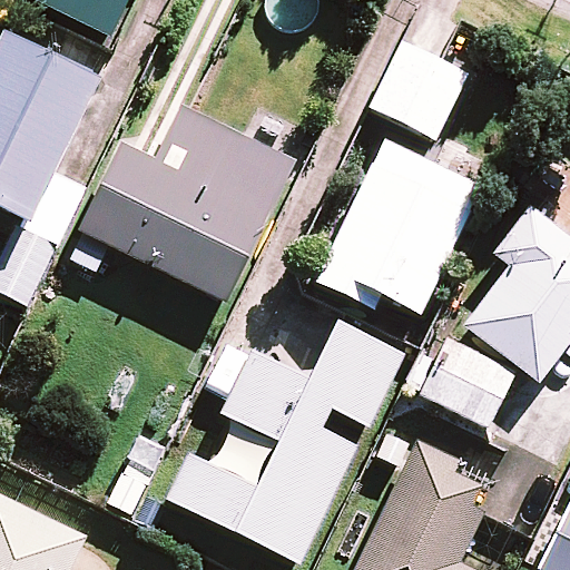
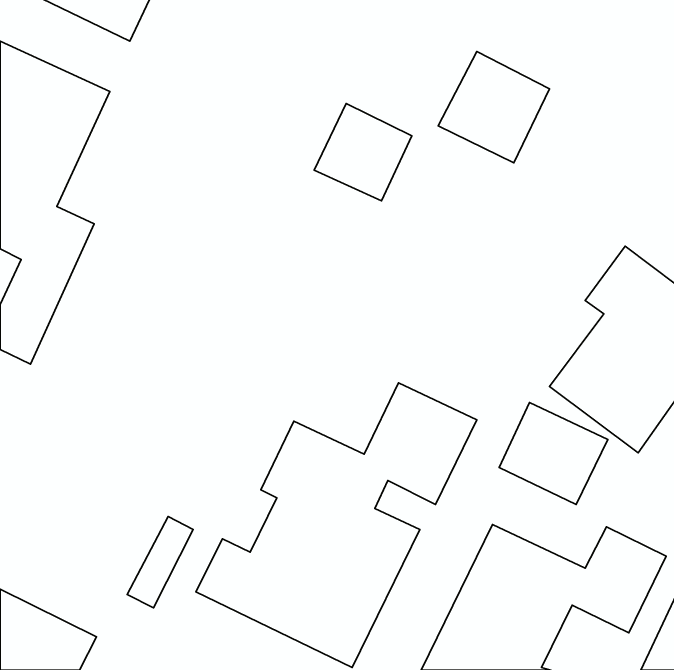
building: none -> [314,104,412,201]
building: [67,107,295,301] -> none
building: [316,140,480,312] -> none

